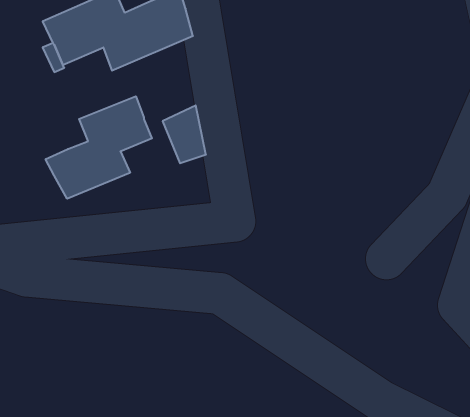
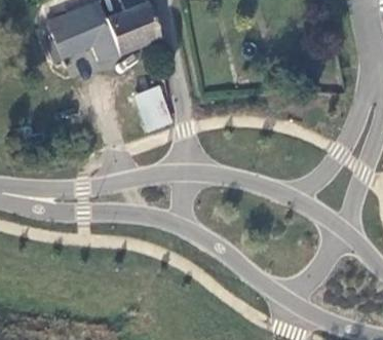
building: [46,96,152,199] -> none

